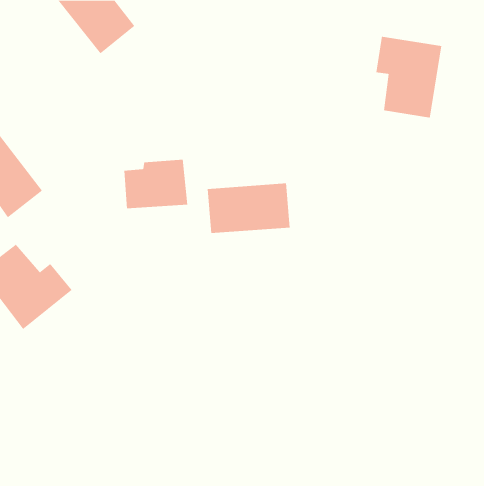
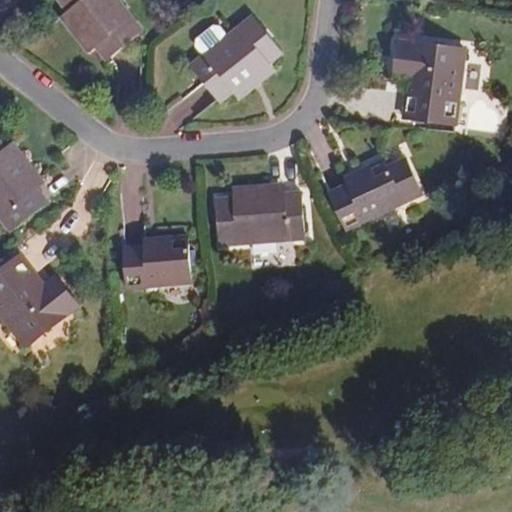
building: none -> [192,14,282,98]
building: none -> [329,156,421,227]
building: [123,159,188,209] -> [120,236,188,288]

